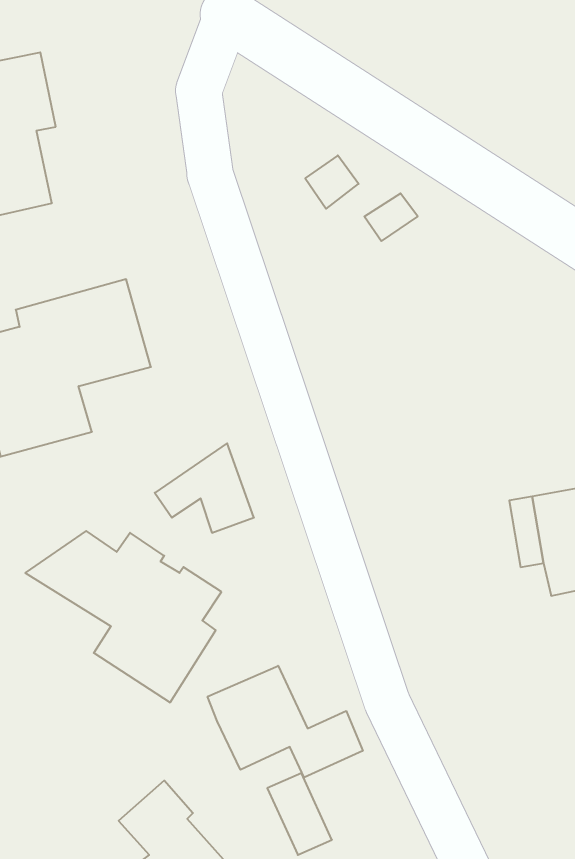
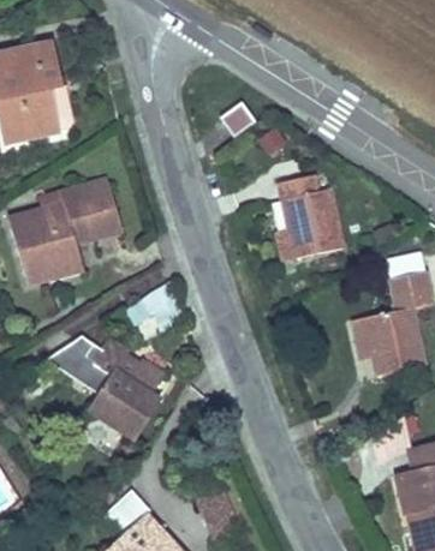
building: none -> [275,169,347,260]
building: [208,666,363,778] -> none

